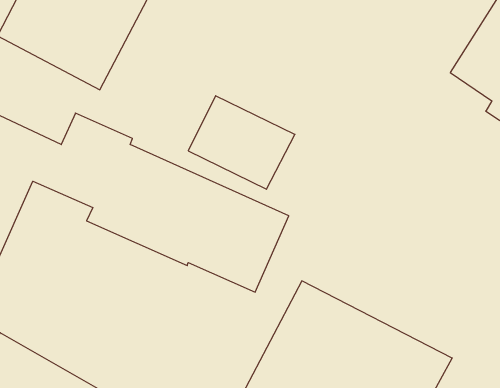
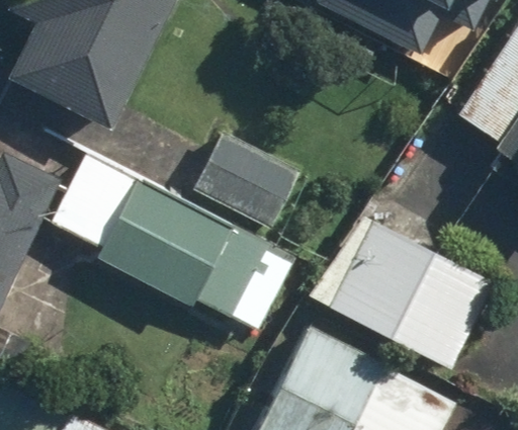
building: none -> [311,213,493,368]

